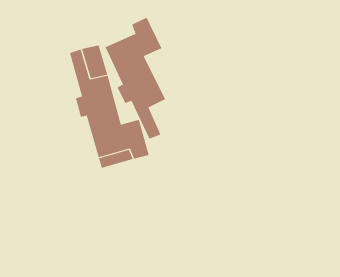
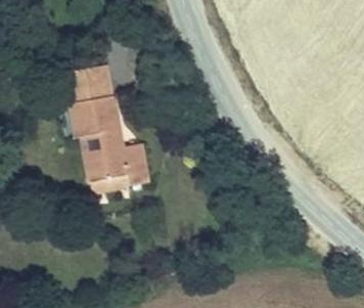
building: [105,17,166,140] -> none

